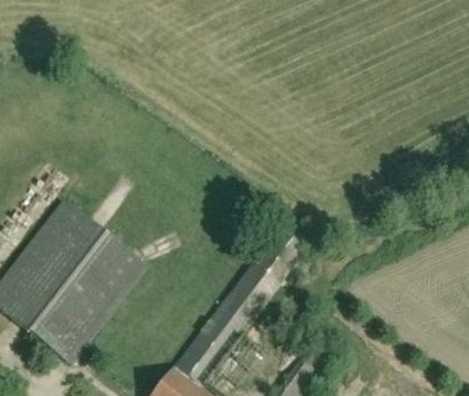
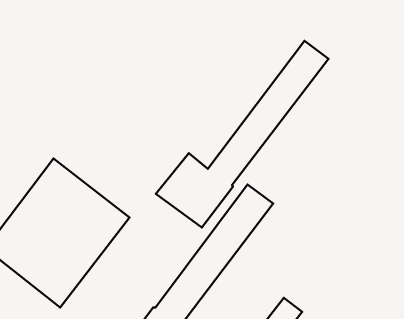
building: none -> [156,41,329,228]

